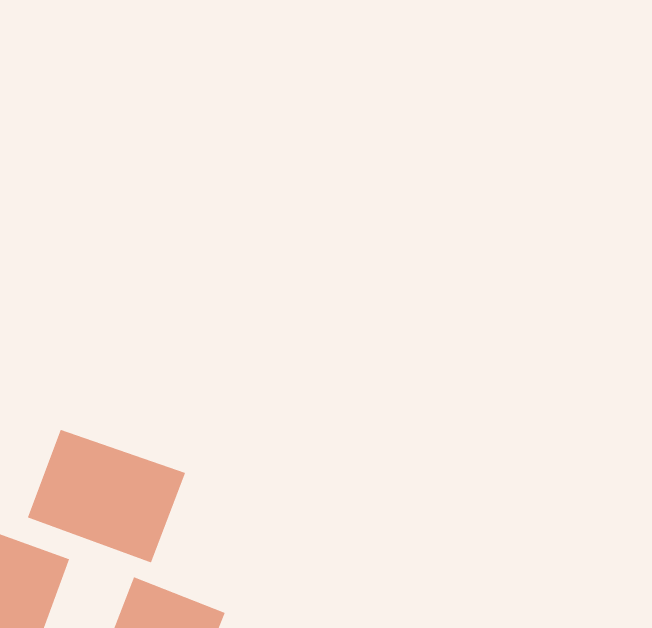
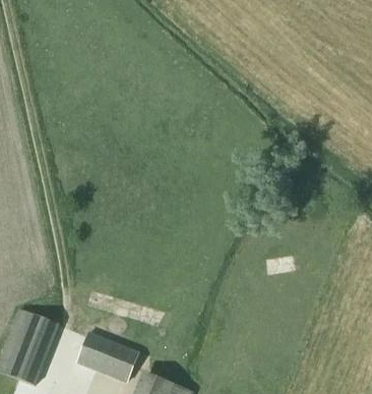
building: [27,429,186,563] -> none

